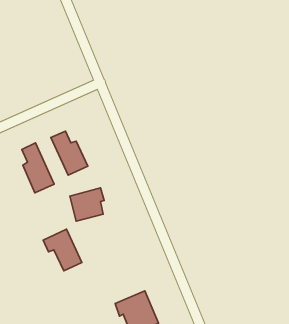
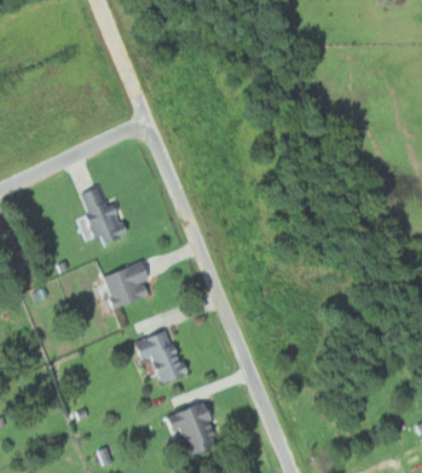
building: [22,143,54,193] -> none
building: [43,229,82,271] -> [134,329,186,385]

